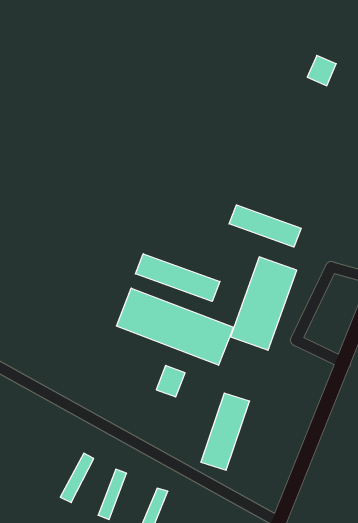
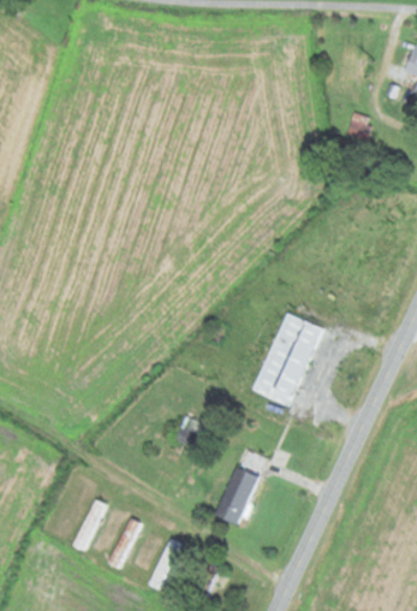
building: [229,205,301,247] -> none
building: [135,254,220,301] -> none
building: [116,288,233,365] -> none

